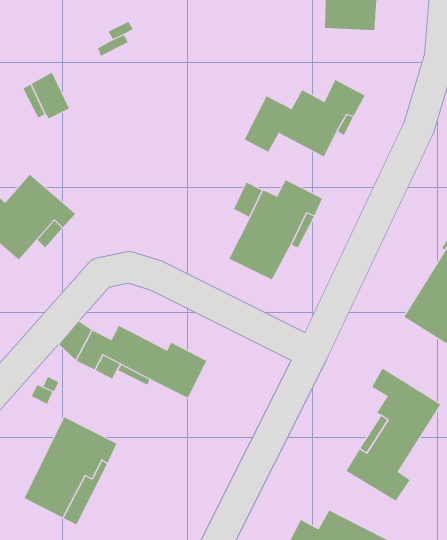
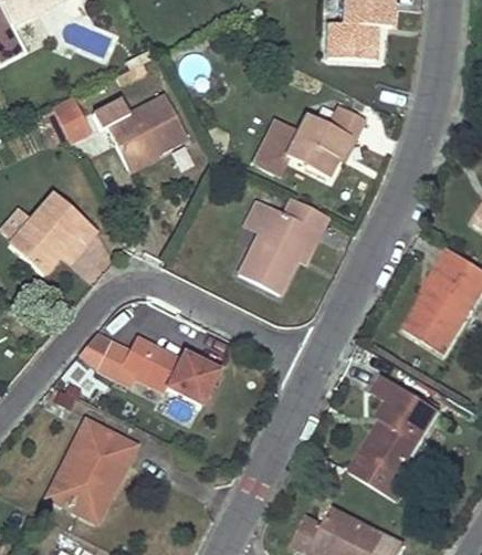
building: none -> [93,97,188,169]

